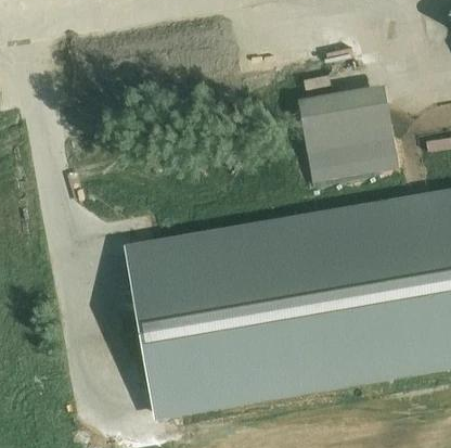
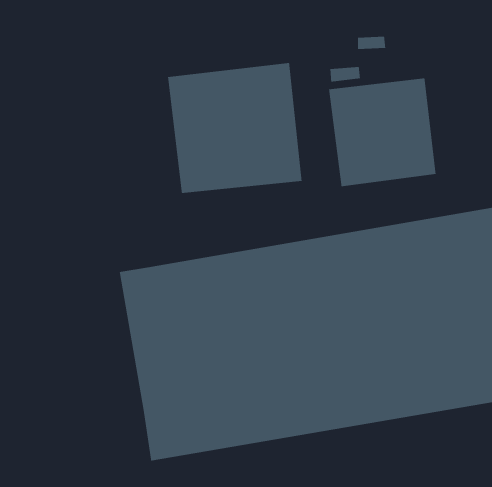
building: none -> [167,62,303,194]

